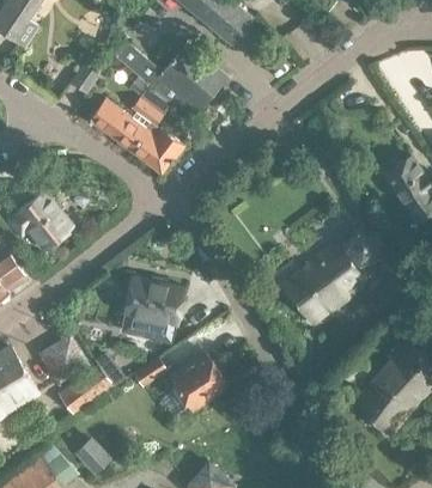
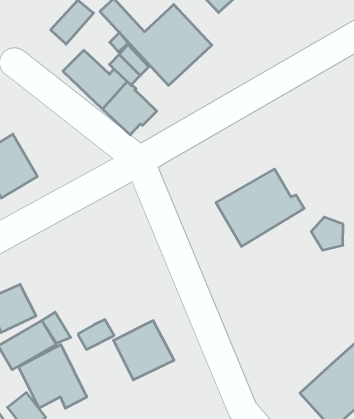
building: [282,245,369,324] -> [216,169,304,246]
building: [123,274,187,342] -> none
building: none -> [18,345,87,408]

